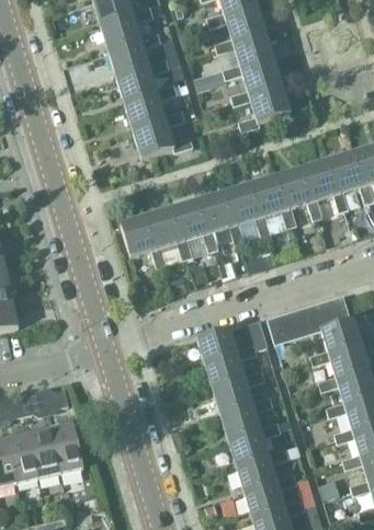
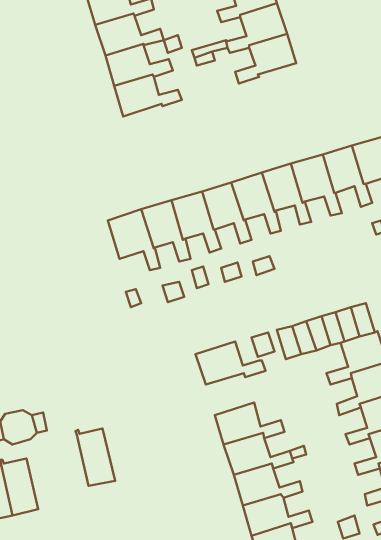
building: [239,88,291,131] -> none
building: [134,123,193,158] -> none
building: [205,355,265,391] -> none
building: [49,423,83,472] -> [76,429,115,486]

